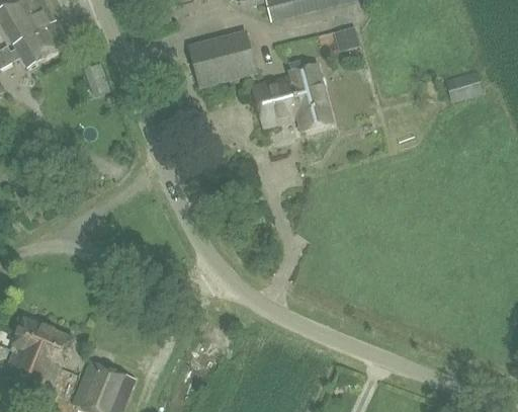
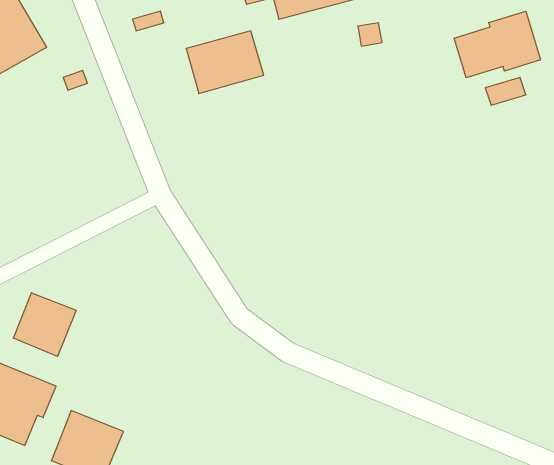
building: none -> [454,11,540,78]
building: [252,65,331,132] -> none
building: none -> [13,293,76,356]

